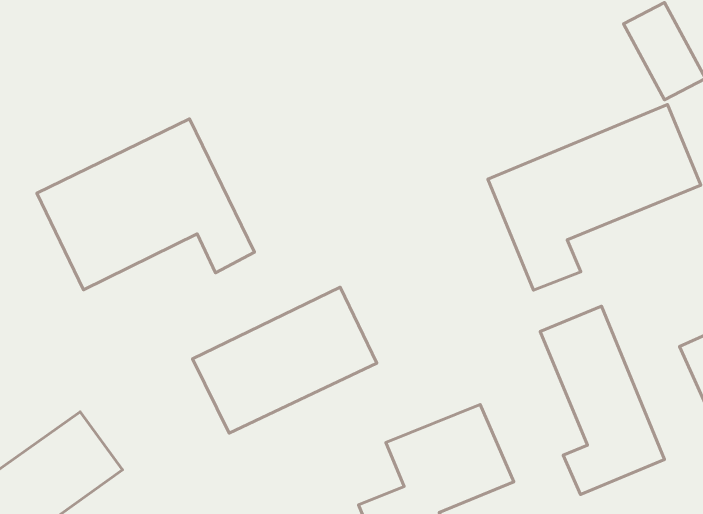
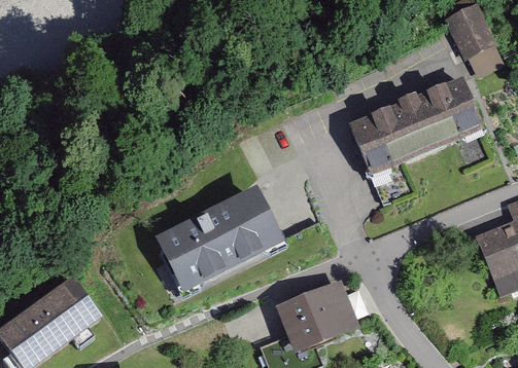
building: [37,119,255,290] -> none
building: [540,306,665,495] -> none

